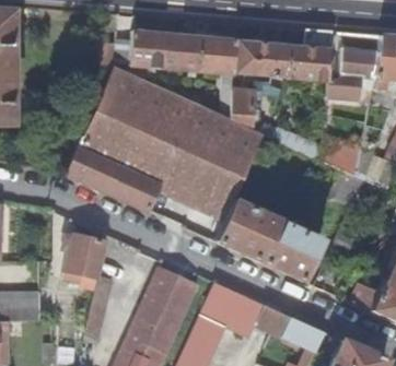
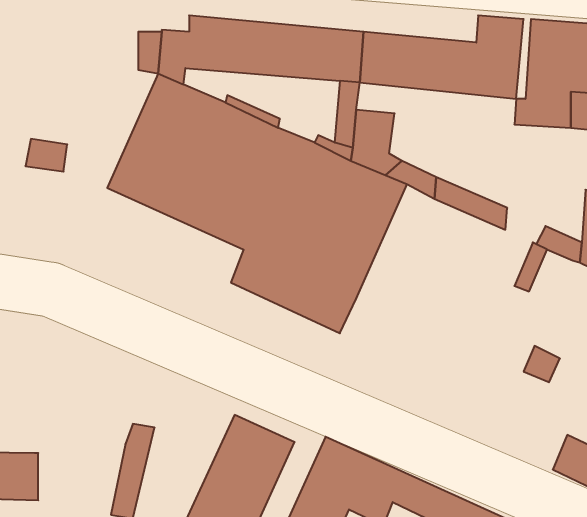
building: [67,133,167,211] -> none
building: [216,200,324,281] -> none
building: [71,234,107,287] -> none

